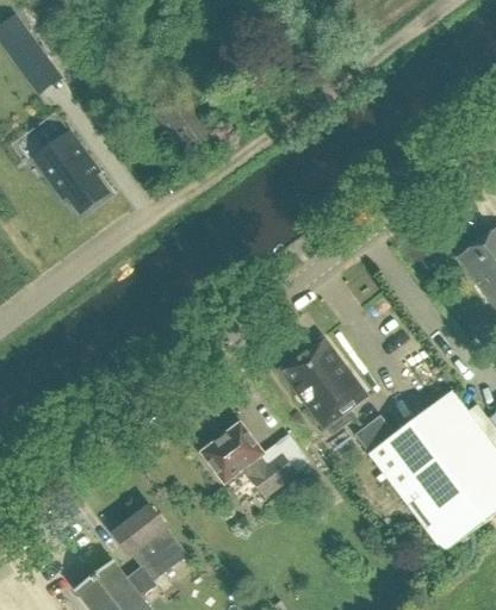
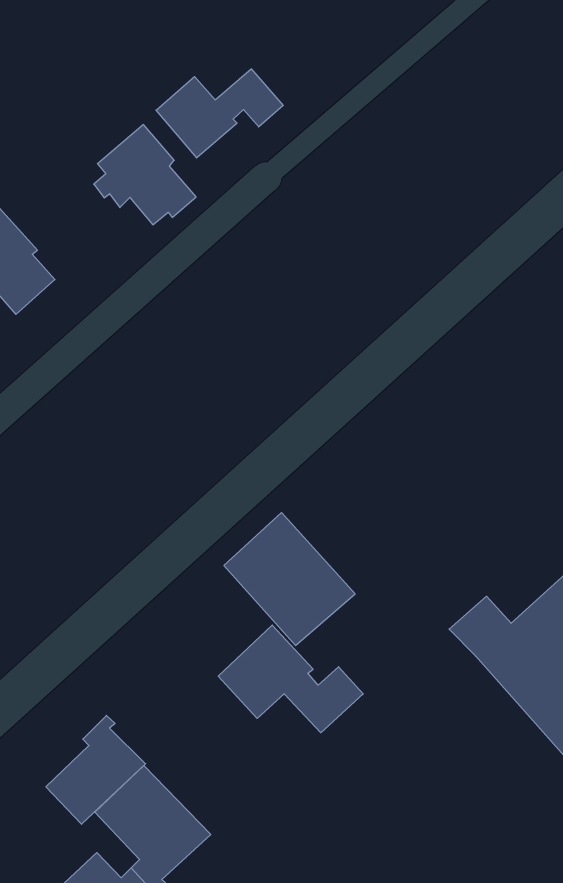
building: none -> [156,69,283,158]
building: [281,338,365,425] -> [224,513,355,645]
building: none -> [46,715,146,824]

